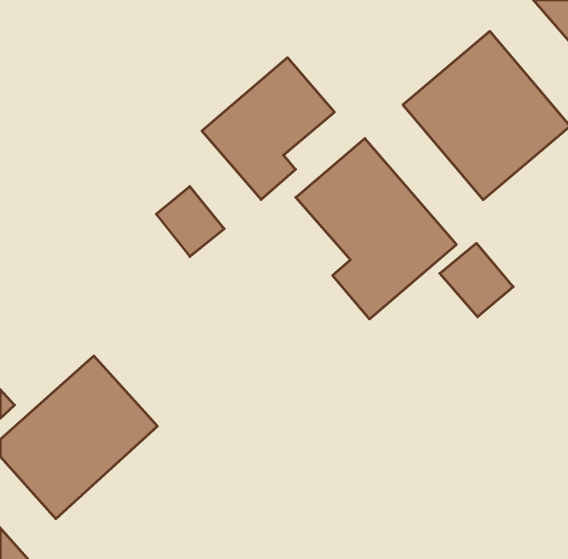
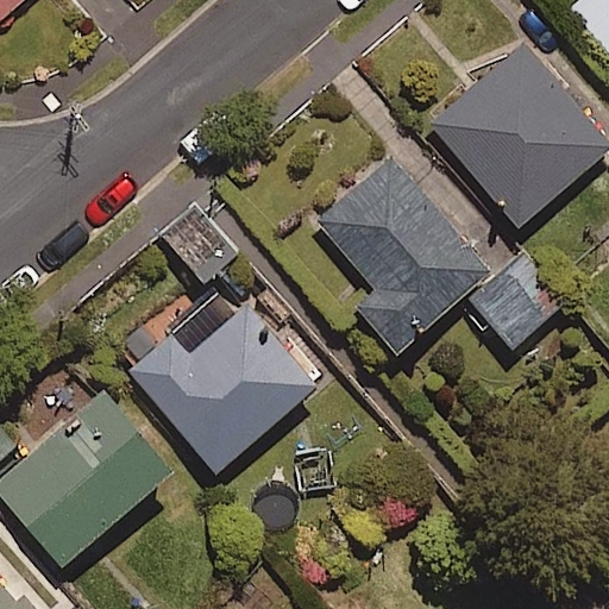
building: [202,58,334,200] -> none
building: none -> [124,299,318,473]

